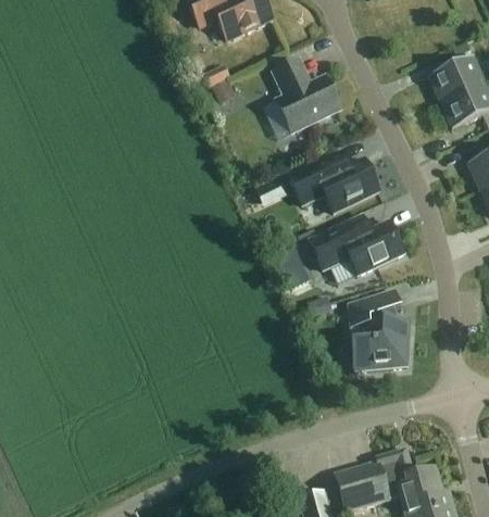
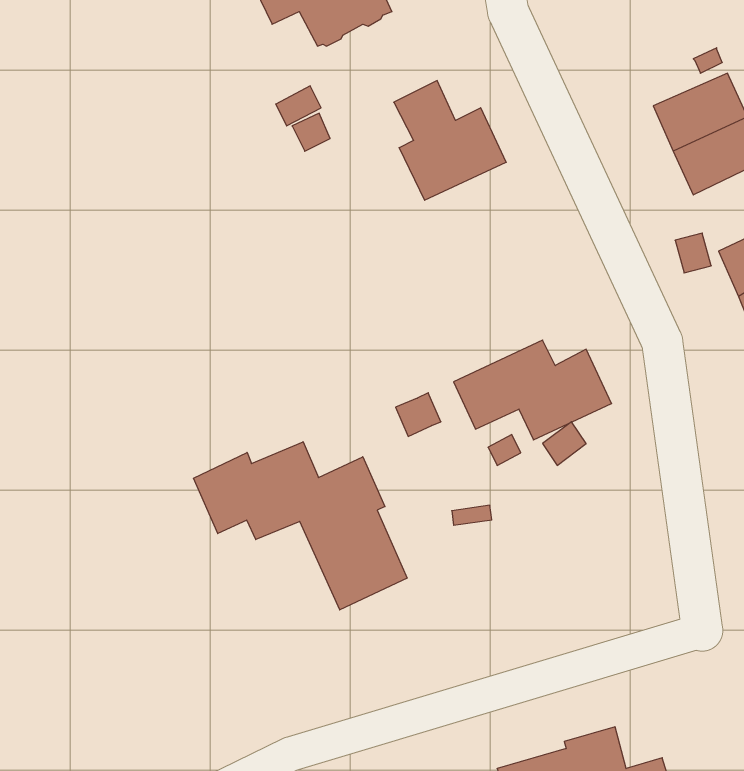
building: [289,150,379,212] -> none
building: none -> [194,442,407,610]
building: [349,289,411,370] -> none

